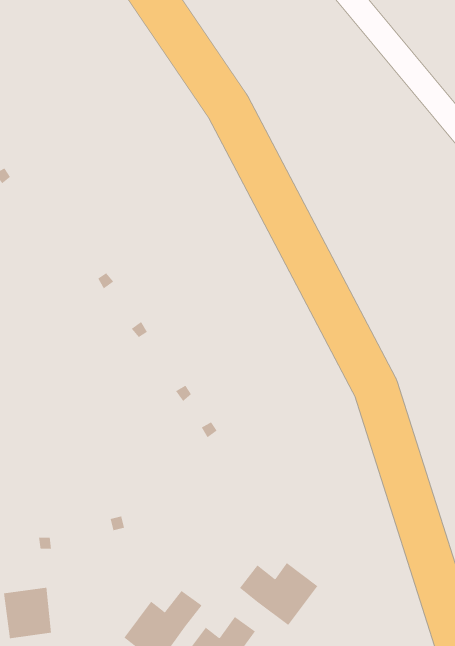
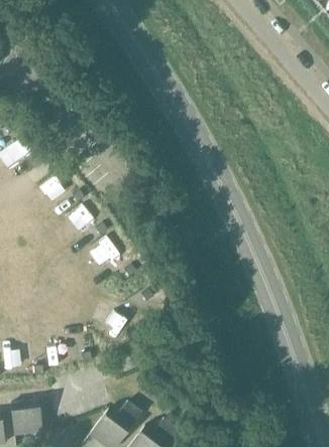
building: [239,562,318,626] -> none

